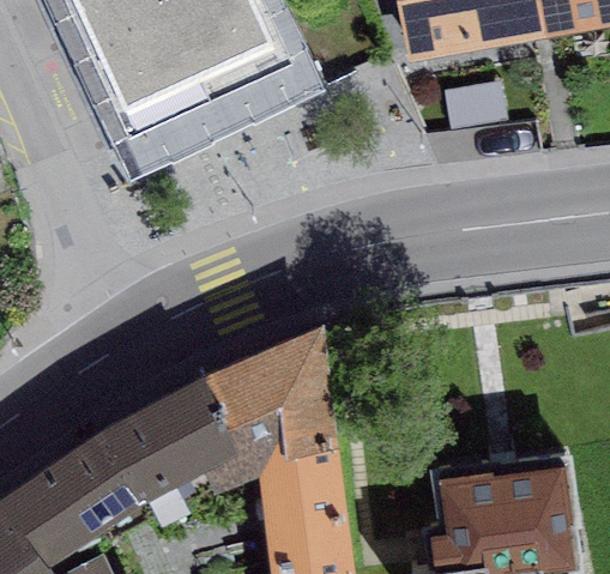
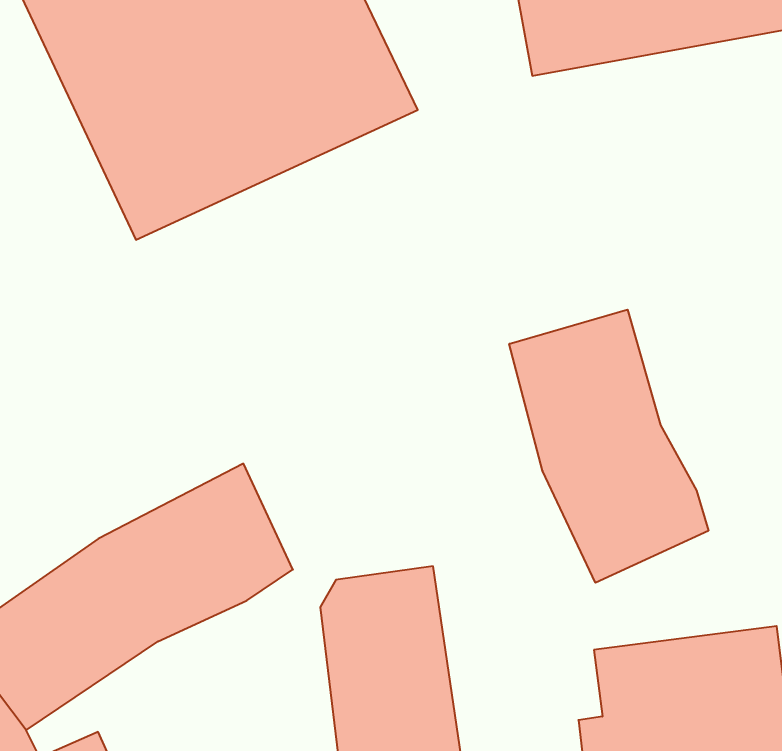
building: none -> [509,310,708,583]
building: [200,290,333,461] -> none

